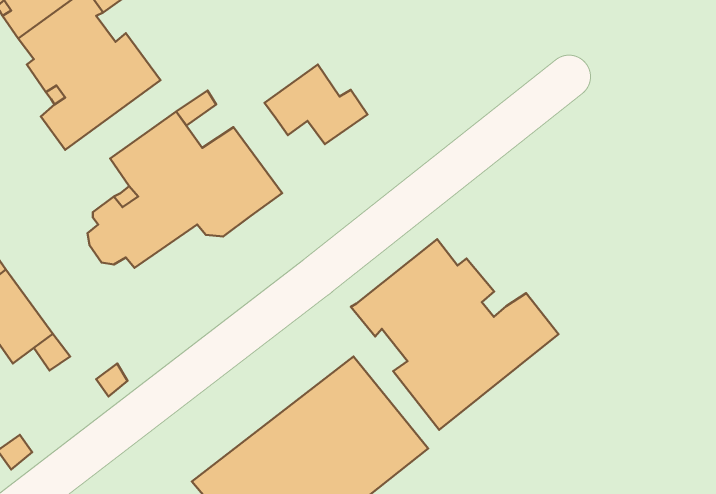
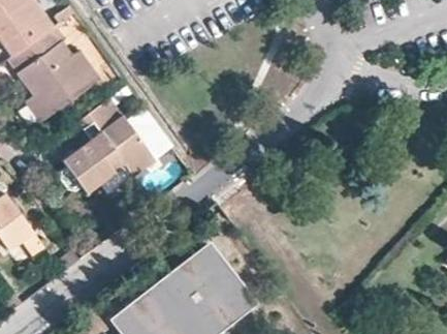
building: [265,65,368,144] -> none
building: [351,239,559,430] -> none

